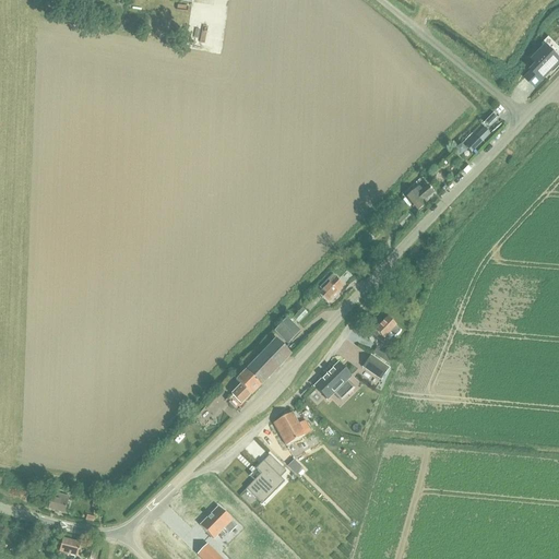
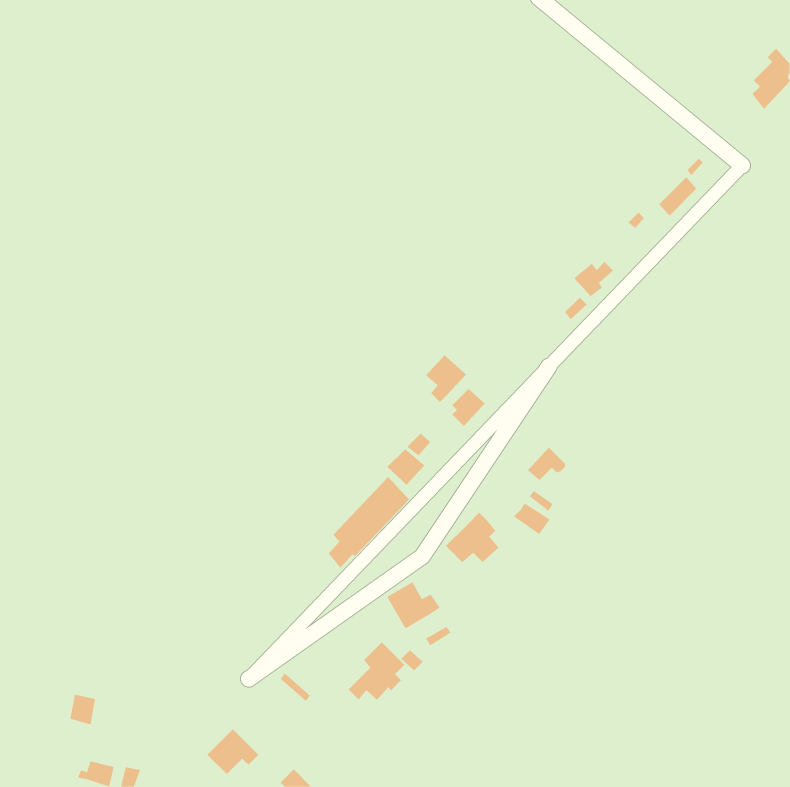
building: none -> [425,354,467,403]
building: [200,504,237,537] -> [207,728,259,775]

